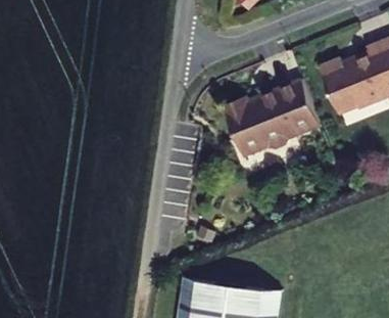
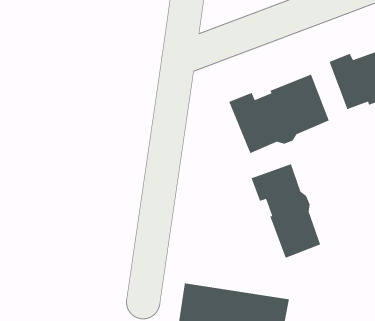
building: none -> [251,163,321,259]

